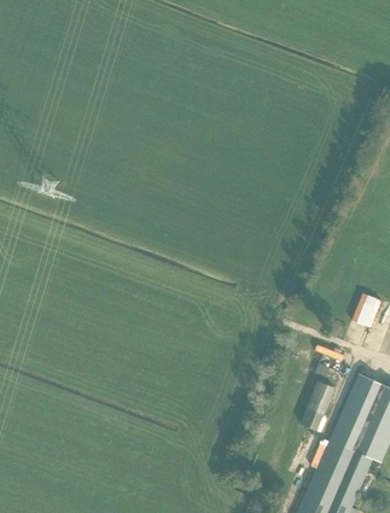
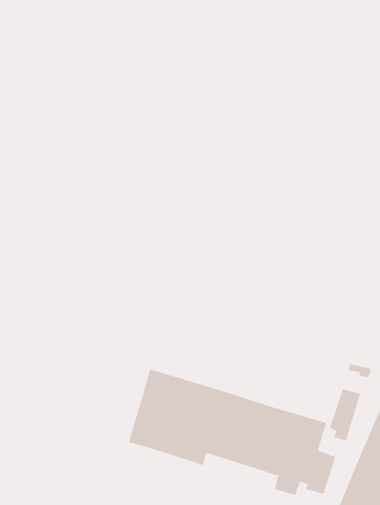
building: none -> [128,368,336,496]

